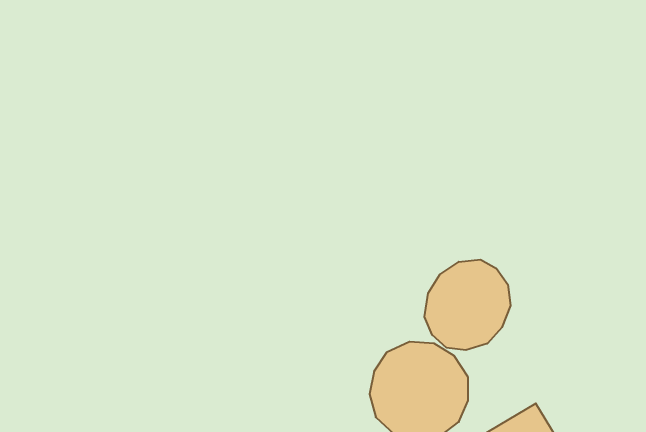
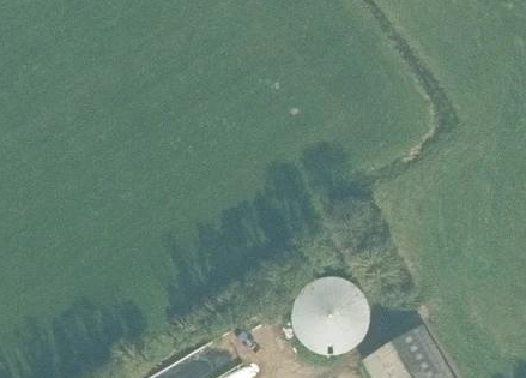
building: [424,260,511,350] -> none

